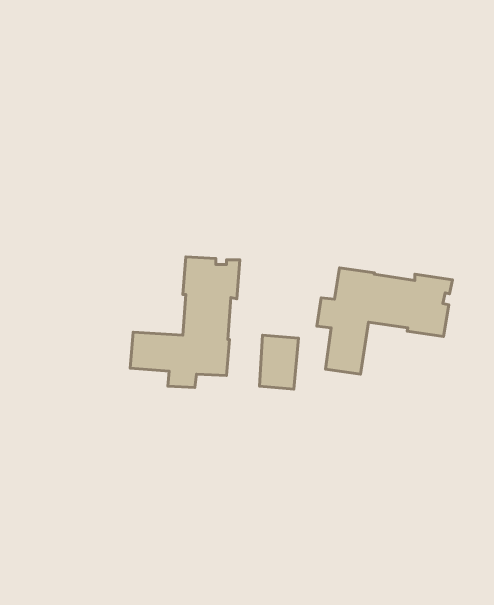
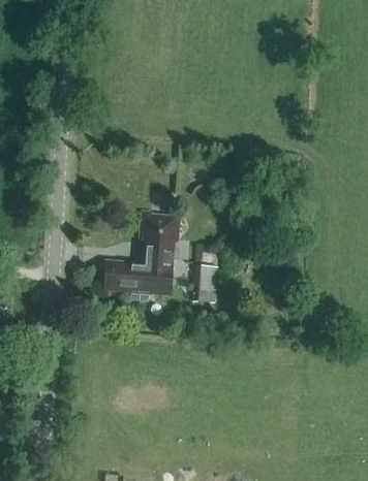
building: [317,268,453,374] -> none

